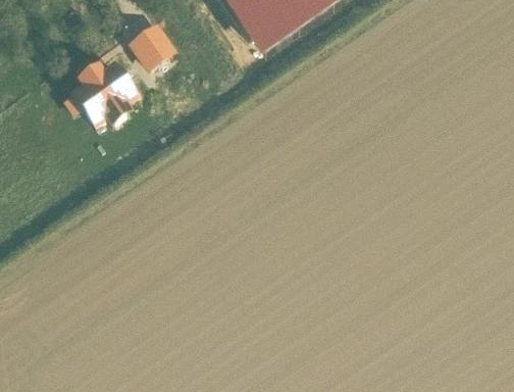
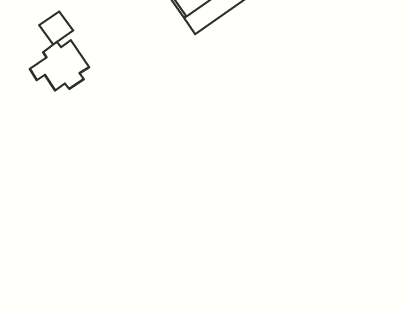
building: [131,19,170,58] -> [39,11,73,44]

